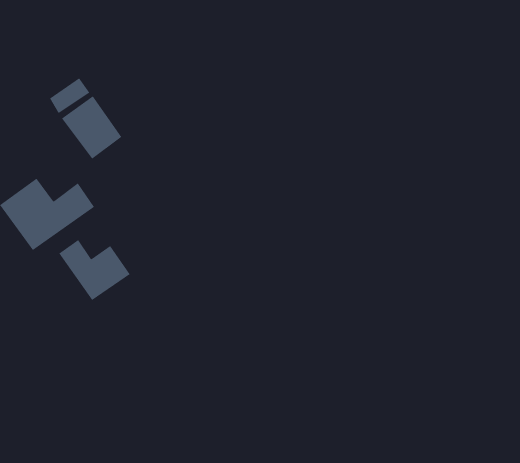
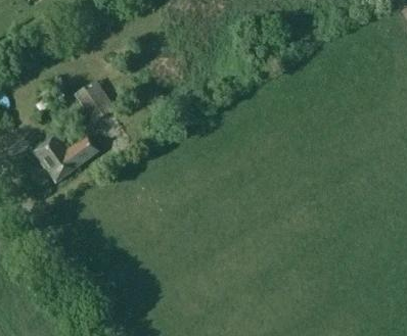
building: [59,239,131,301] -> none

